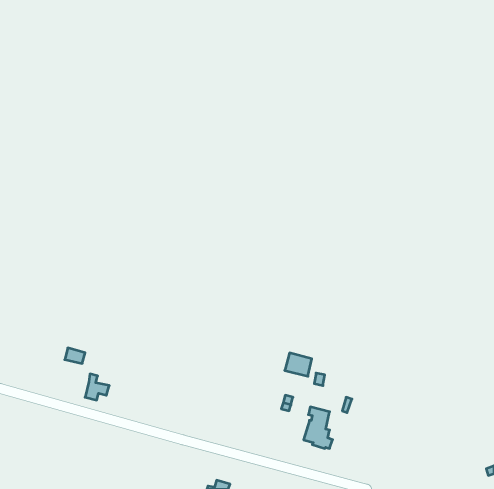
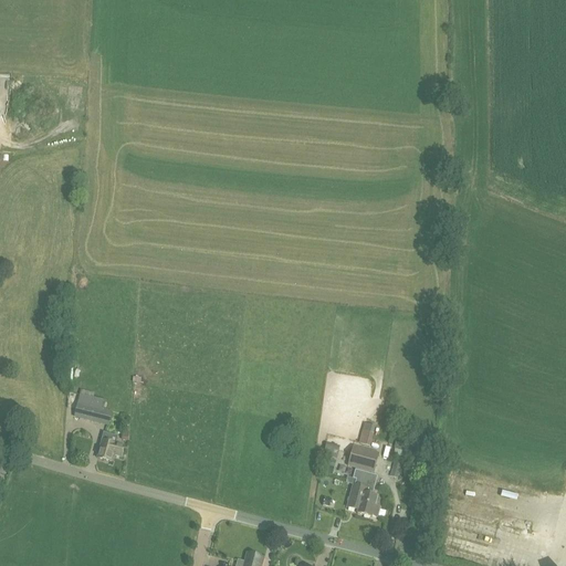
building: [285,353,312,376] -> [347,442,378,469]

